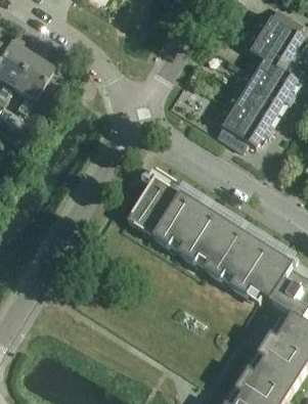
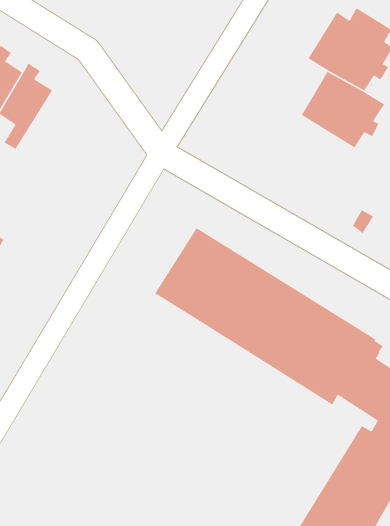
building: [215,88,276,151] -> none

